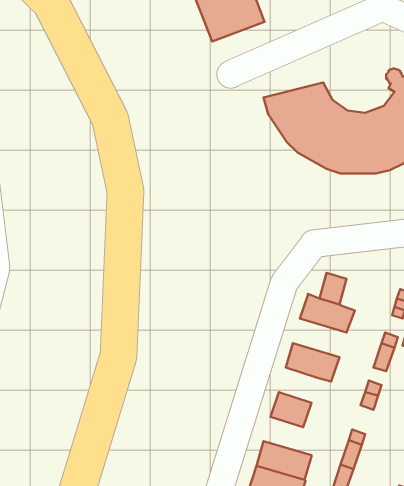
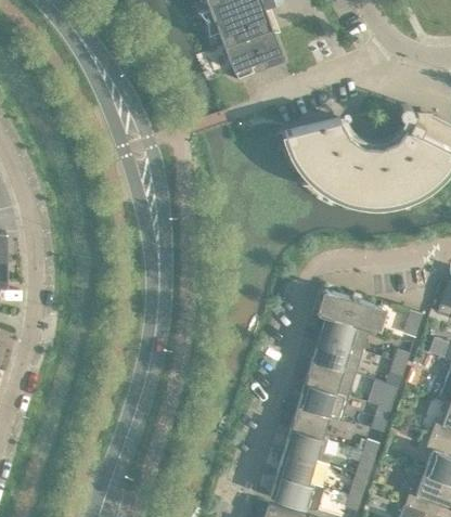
building: none -> [312,290,343,321]
building: none -> [355,302,389,336]
building: none -> [311,339,361,375]
building: none -> [298,385,335,417]
building: none -> [284,430,331,466]

